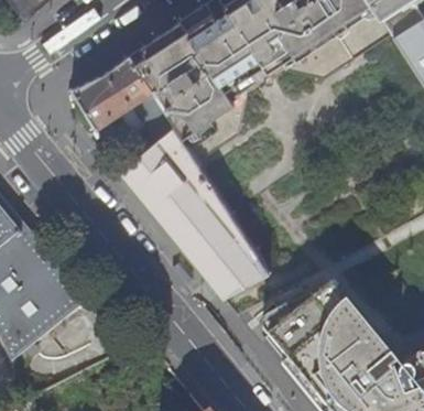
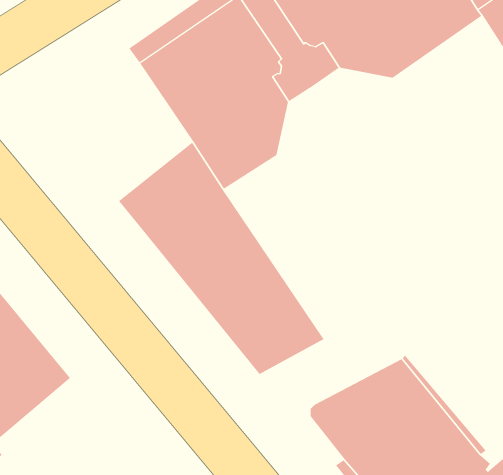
building: [78,53,175,138] -> none

